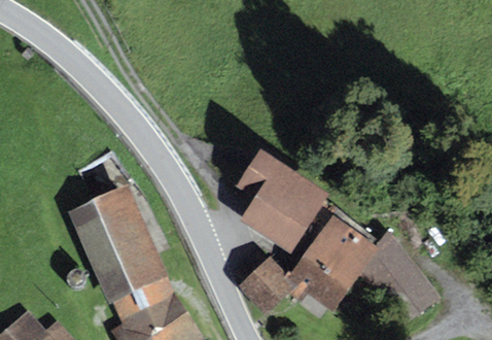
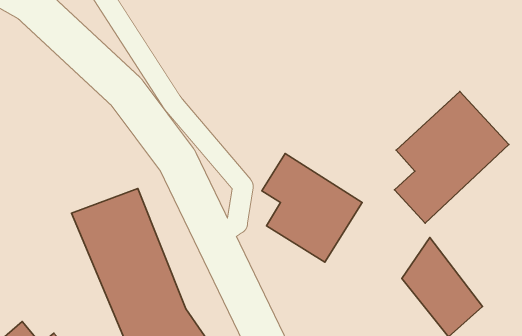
building: none -> [394,92,509,223]
building: [241,218,374,309] -> none

